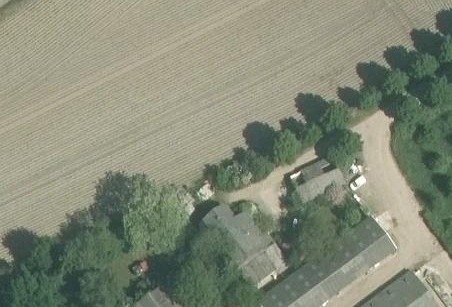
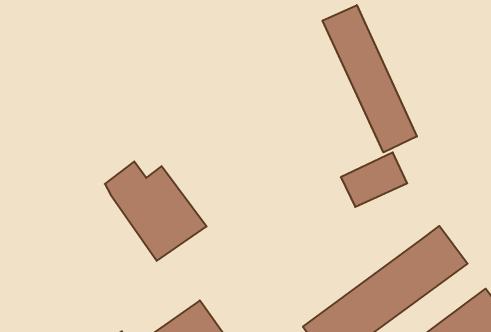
building: none -> [323,5,417,152]
building: [200,204,286,288] -> [105,161,207,261]

